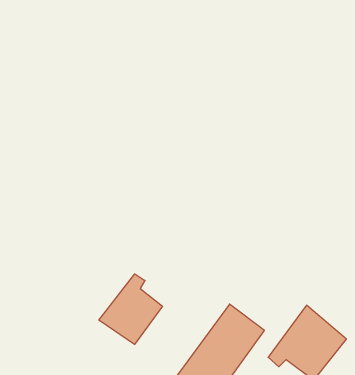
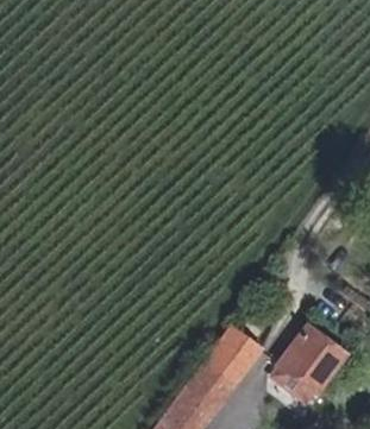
building: [99,274,163,344] -> none

